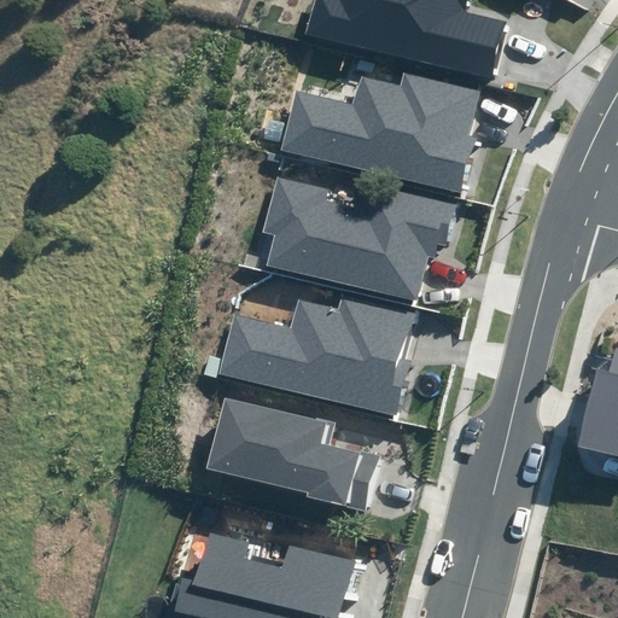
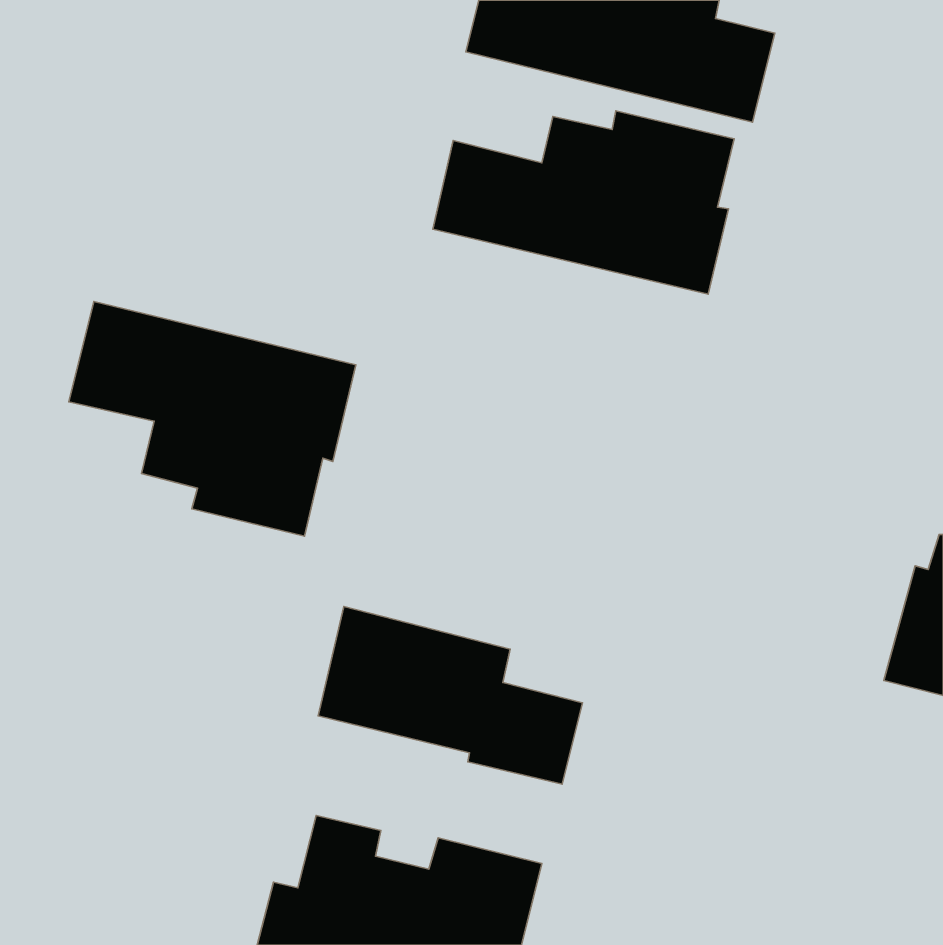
building: [261,177,454,302] -> none
building: none -> [69,302,356,536]
building: [221,295,412,420] -> none

